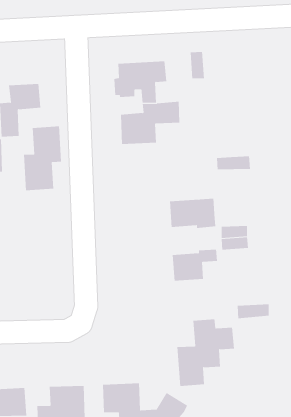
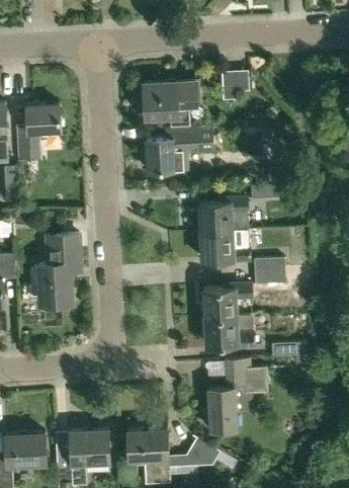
building: [23,126,62,191] -> [37,234,79,304]
building: none -> [196,197,247,232]
building: none -> [203,315,254,347]

